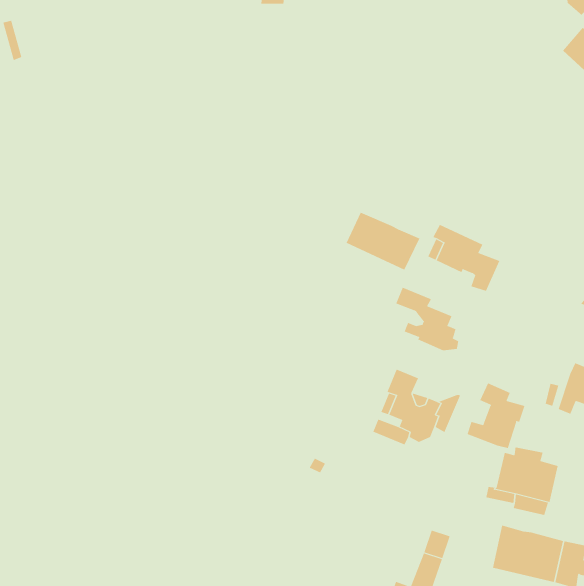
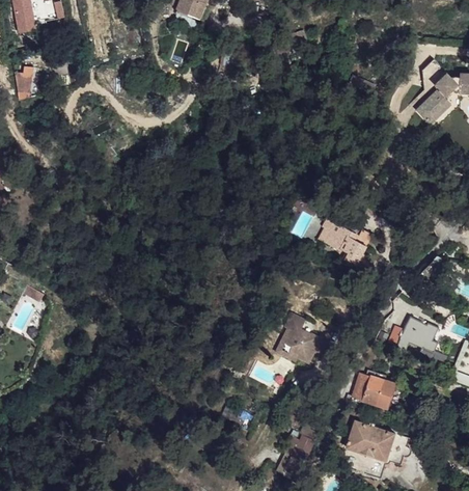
building: [346,212,420,271] -> none
building: [396,287,459,351] -> none
building: [467,382,525,449] -> none

